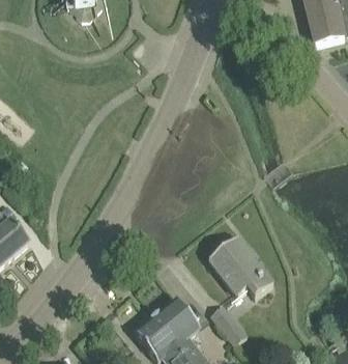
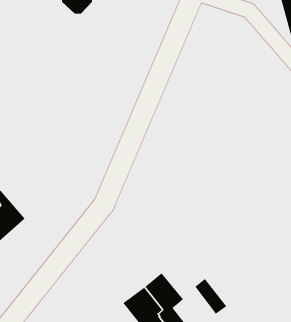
building: [208,236,272,297] -> none

